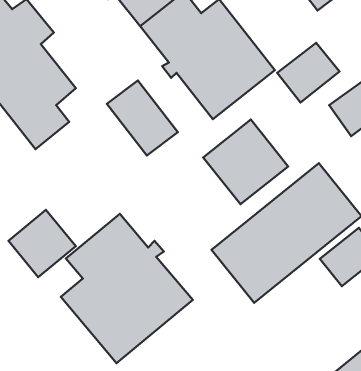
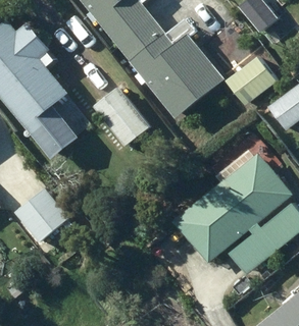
building: [203,120,288,204] -> none
building: [61,214,193,363] -> none

